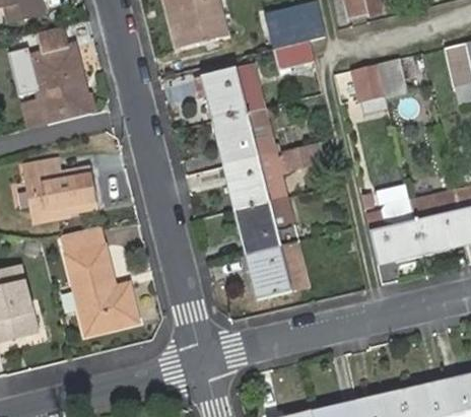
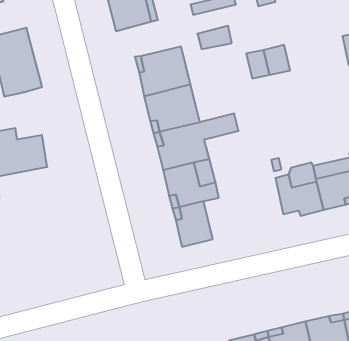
building: [269,14,325,49] -> none
building: [377,57,406,97] -> none
building: [61,225,139,335] -> none

